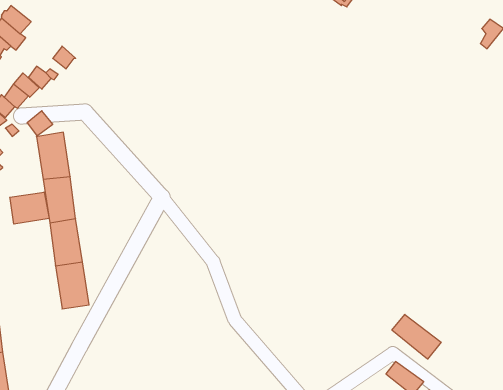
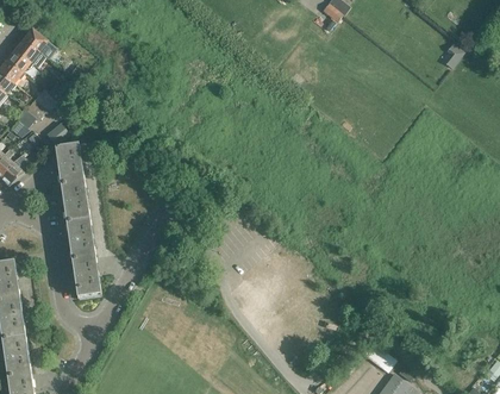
building: [10,192,49,224] -> none
building: [392,314,441,359] -> none

